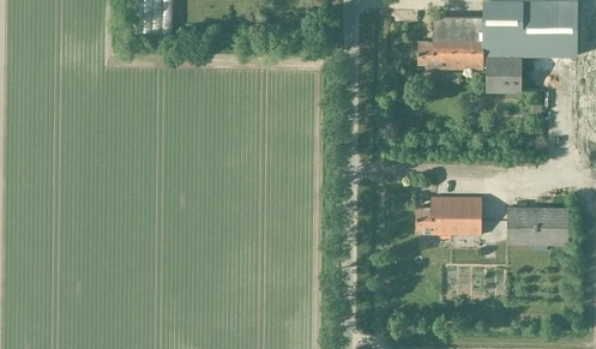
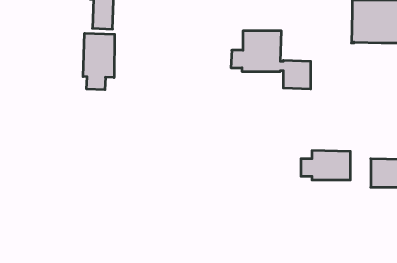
building: [417,17,522,92] -> [231,31,311,89]
building: none -> [83,33,115,90]

